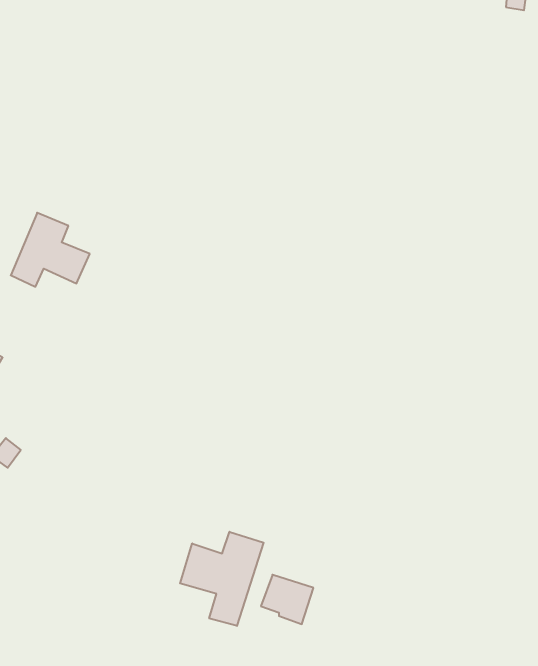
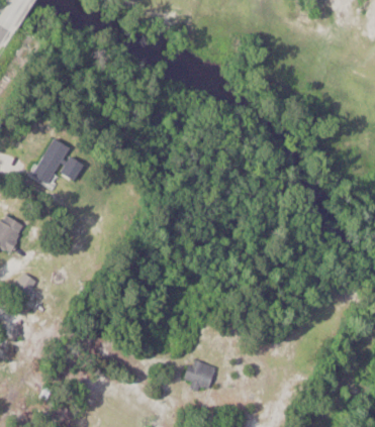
building: [180,532,264,626] -> none

